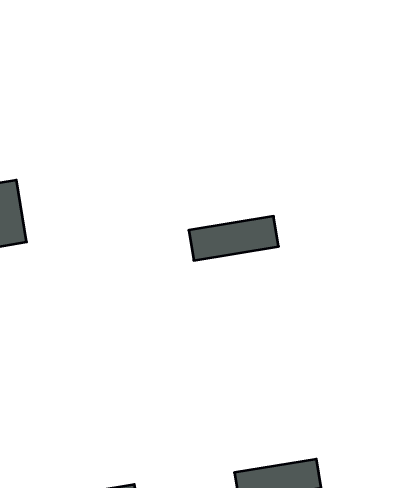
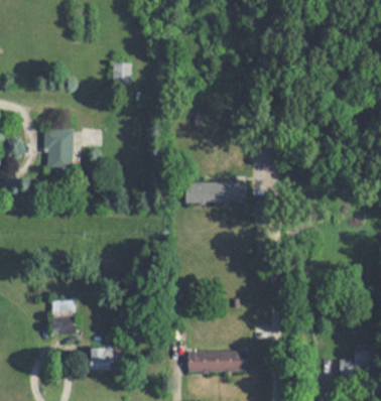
building: none -> [113,62,130,84]
building: none -> [50,299,75,335]

